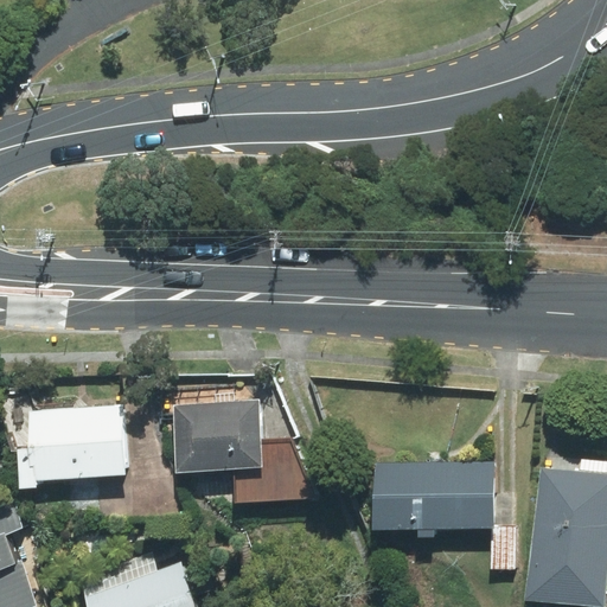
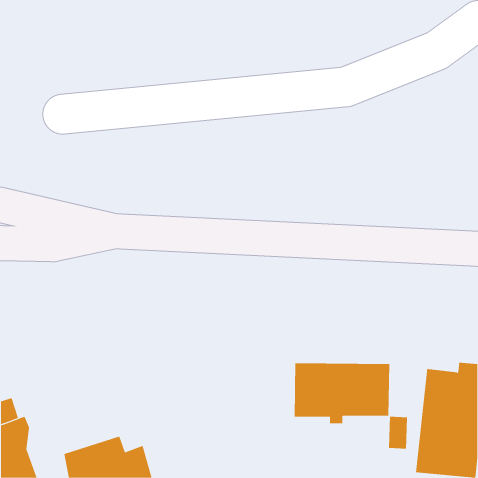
building: [174,401,312,503] -> none
building: [18,405,126,488] -> none

